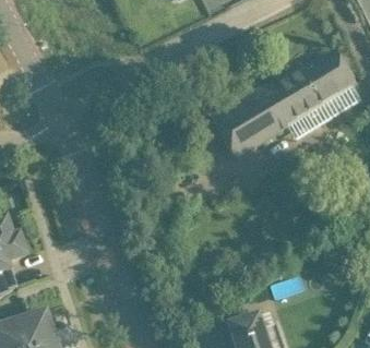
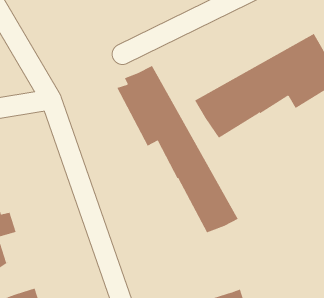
building: none -> [117,65,239,233]

